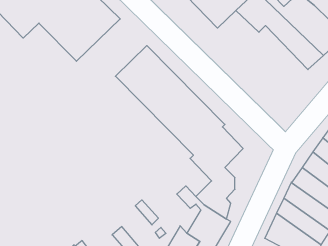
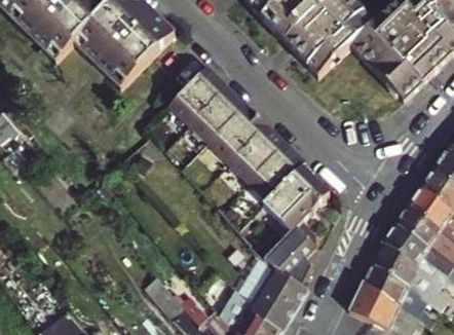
building: none -> [292,28,343,78]

